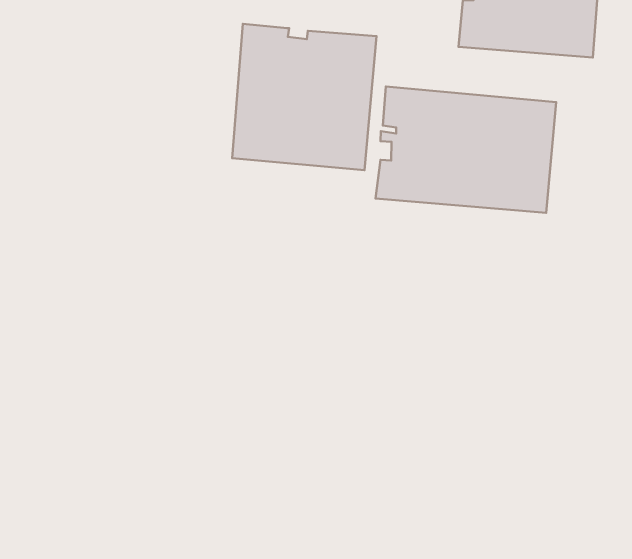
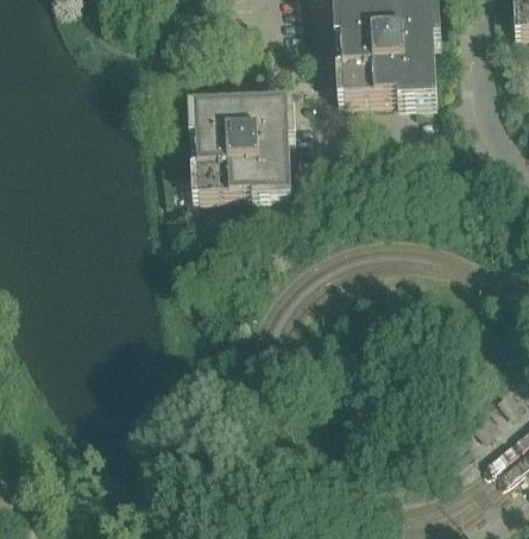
building: [375,87,556,213] -> none

